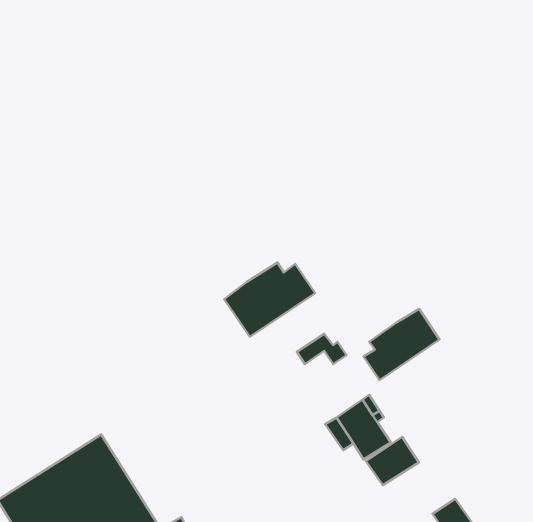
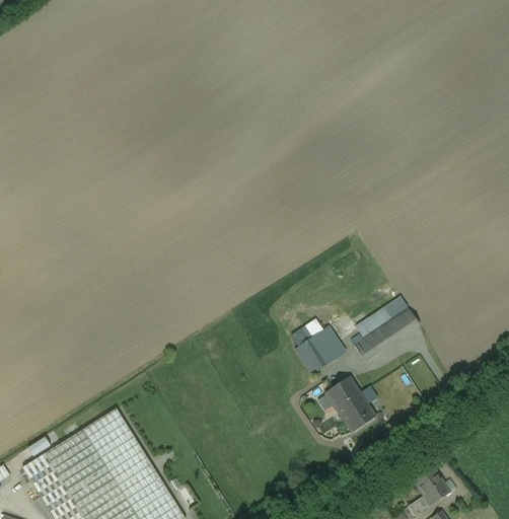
building: [224,262,315,337] -> none
building: none -> [295,335,346,374]
building: [366,437,419,485] -> none

